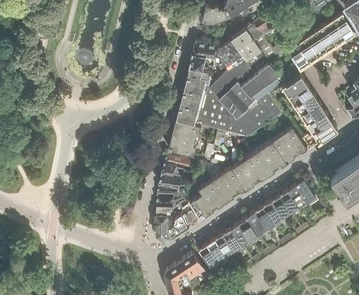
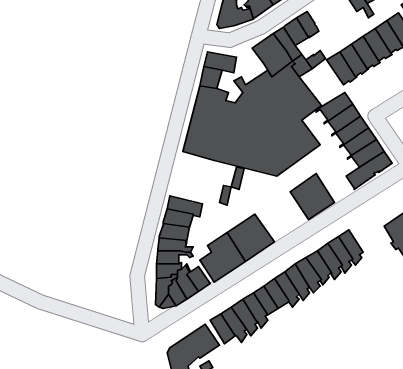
building: [215,41,241,69] -> none
building: [168,121,200,158] -> none
building: [279,129,307,160] -> none
building: [232,152,273,190] -> none

